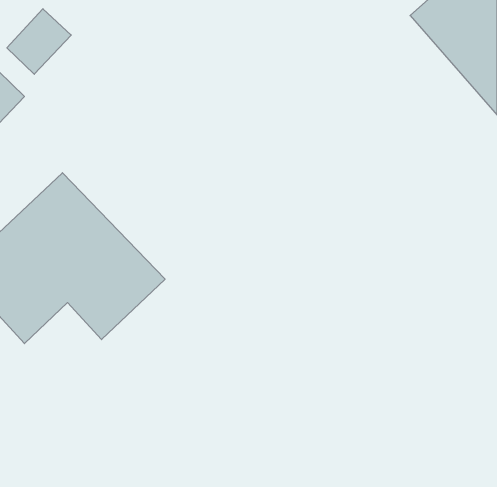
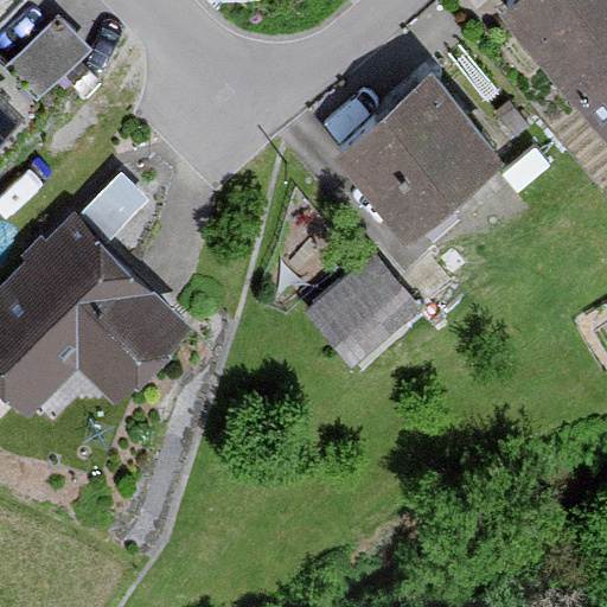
building: none -> [337,75,507,244]
building: none -> [305,258,420,371]

